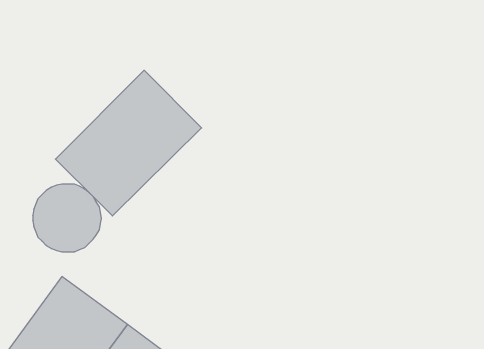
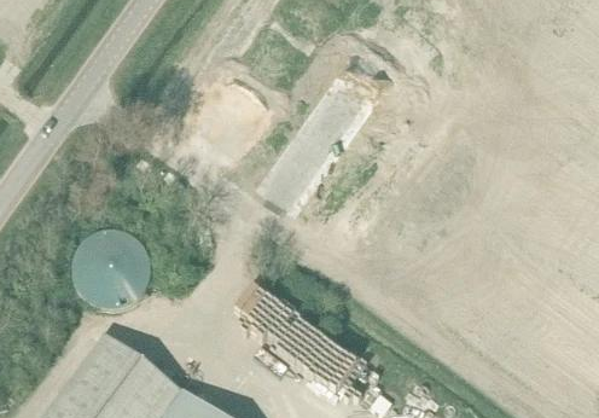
building: [55,70,202,216] -> none

